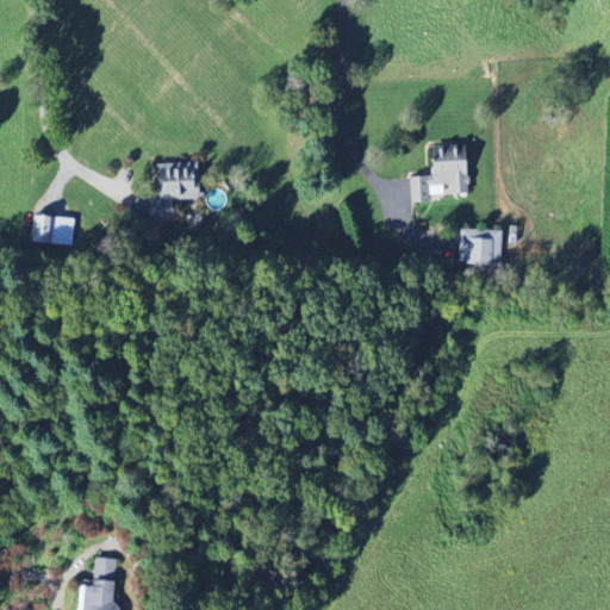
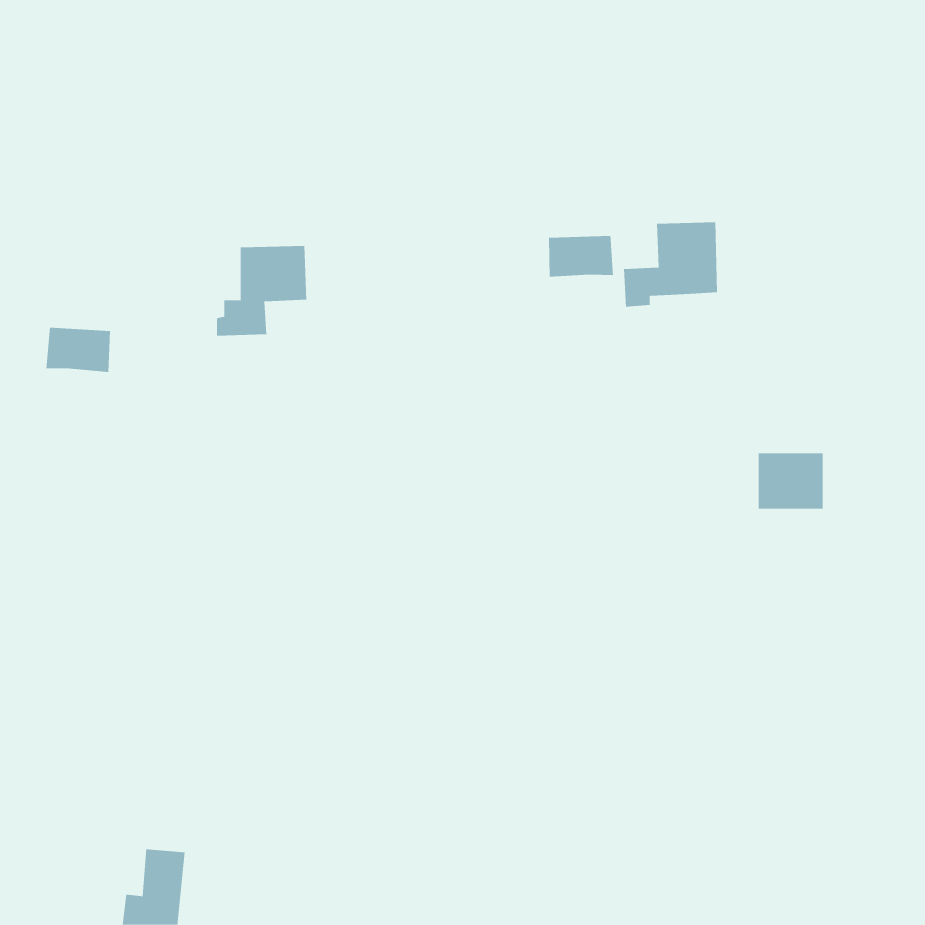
building: none -> [548,235,613,278]
building: [456,229,499,266] -> [758,453,823,509]

